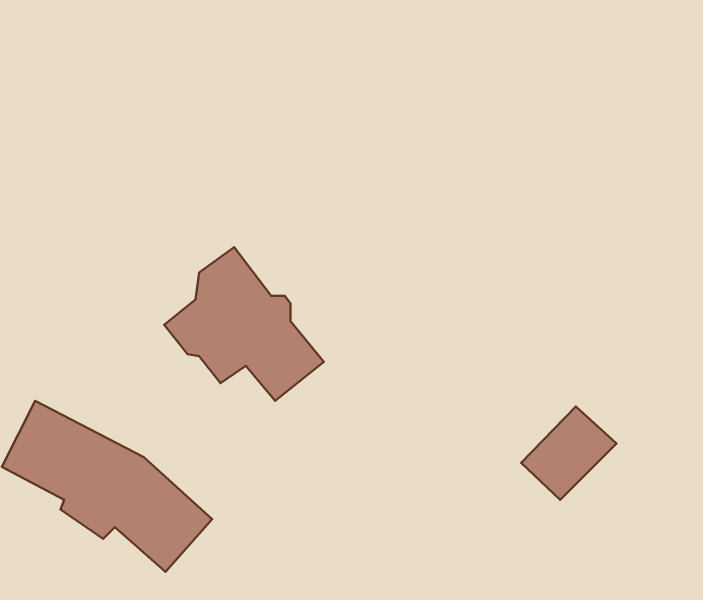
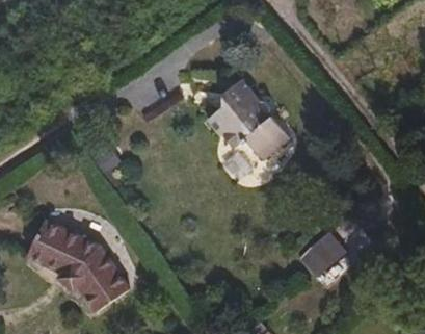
building: [164,247,324,401] -> [213,76,298,158]

